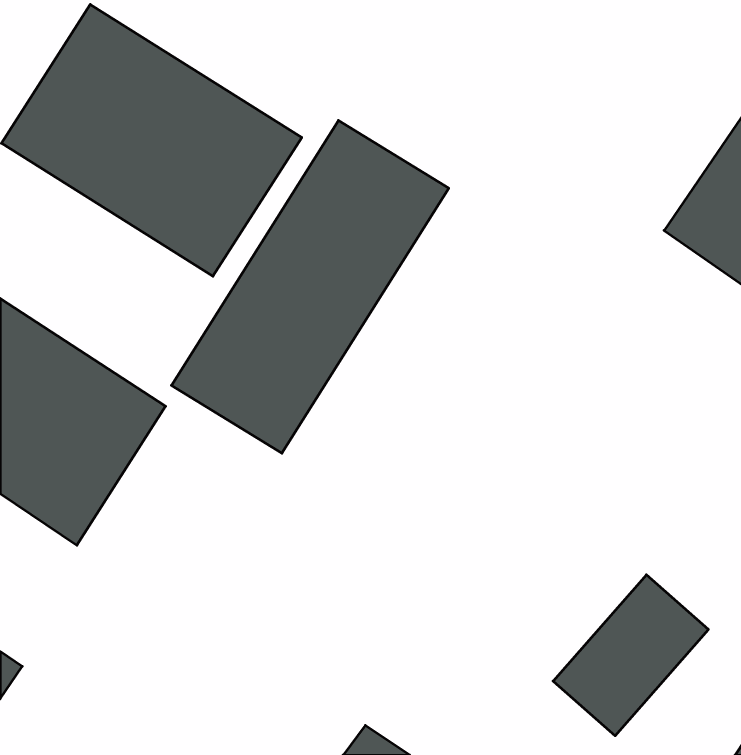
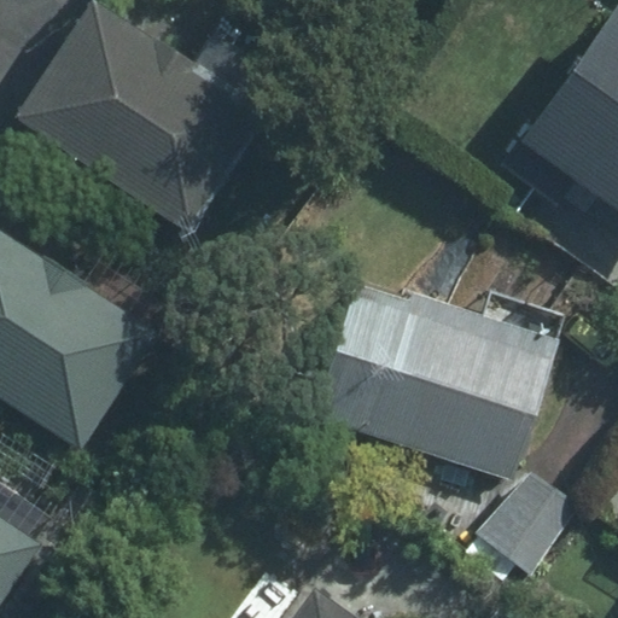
building: [171,120,449,453] -> none
building: none -> [311,285,554,473]

